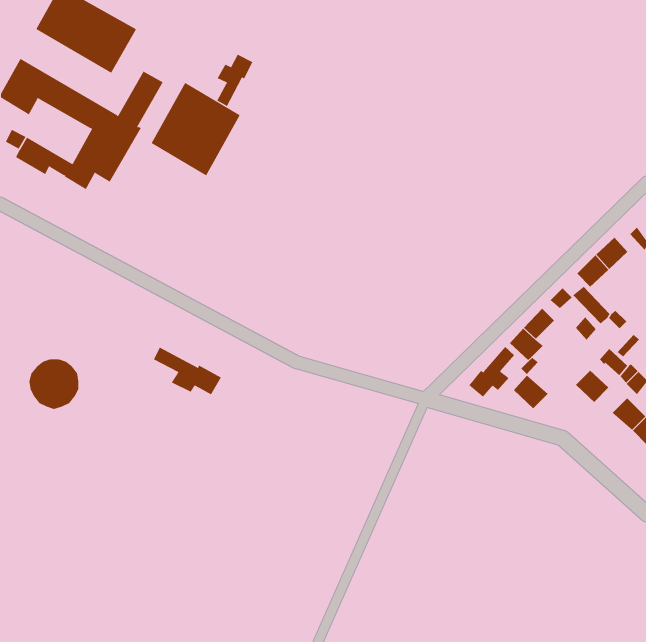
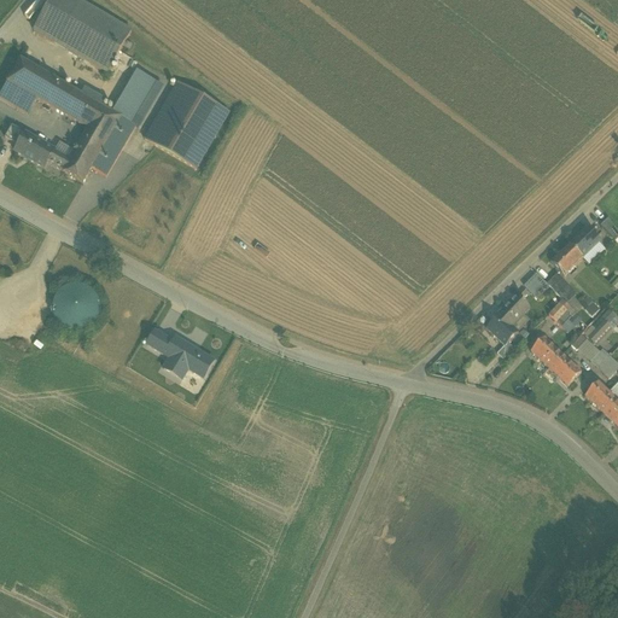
building: [217,54,253,107] -> none
building: [468,346,515,398] -> none
building: [28,359,79,410] -> [52,282,100,331]
building: [513,375,548,409] -> [530,334,564,367]

